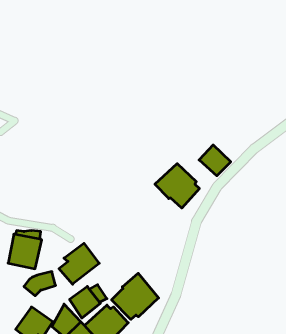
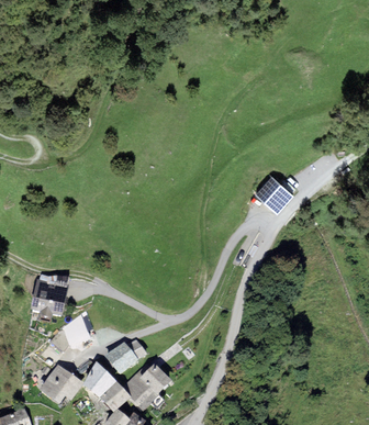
building: [155,164,199,208] -> none
building: [59,243,99,284] -> none
building: [112,273,159,319] -> none

